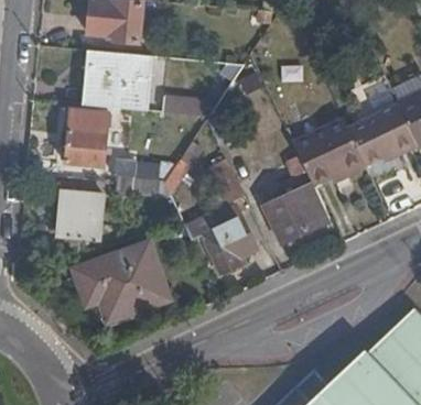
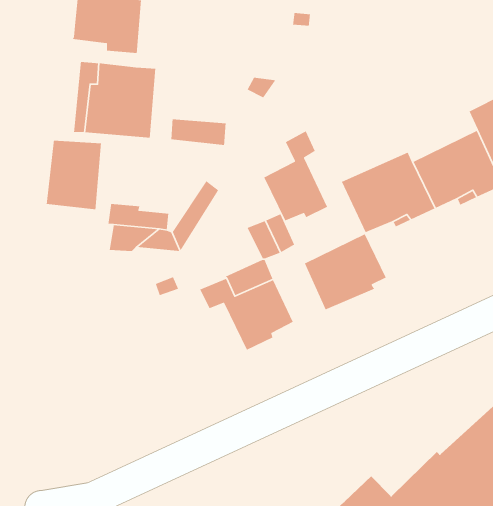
building: none -> [263,130,328,222]
building: [62,188,104,238] -> none
building: [76,248,163,316] -> none

